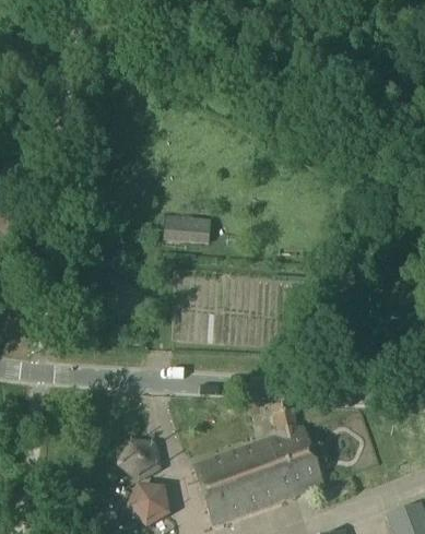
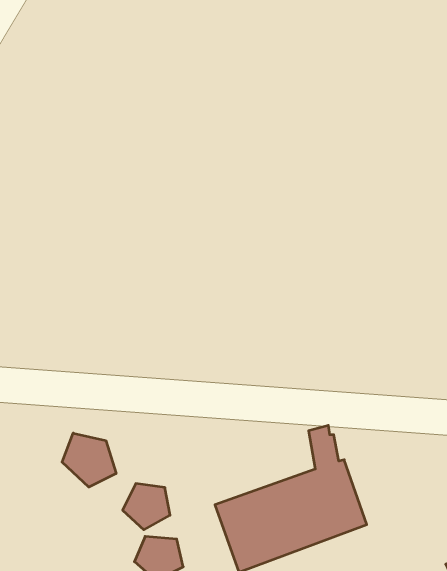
building: [164,216,210,240] -> none
building: none -> [62,433,116,487]

